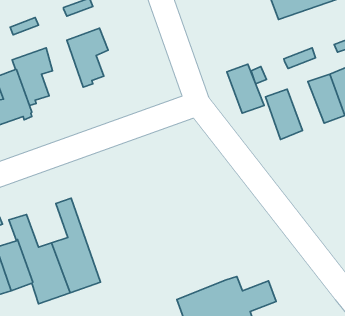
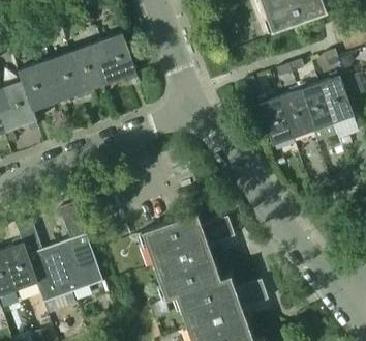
building: none -> [97,32,136,86]
building: none -> [45,52,85,105]
building: [227,64,264,113] -> [278,91,313,138]
building: none -> [140,212,235,302]

